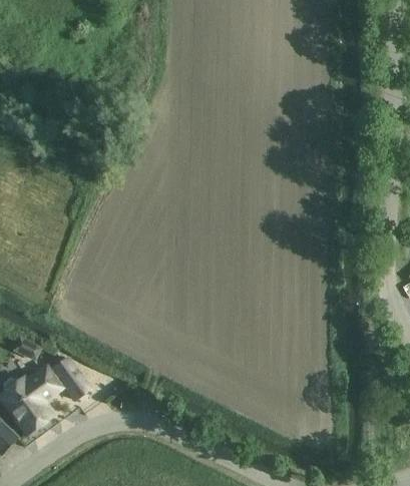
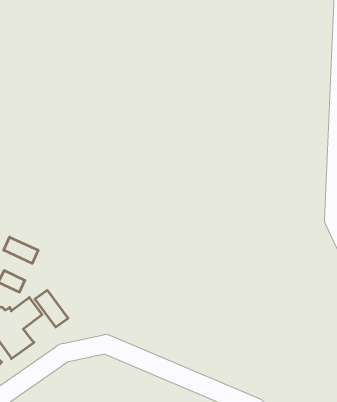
building: none -> [4,237,38,263]

